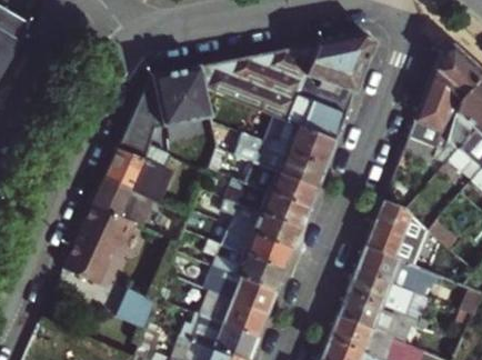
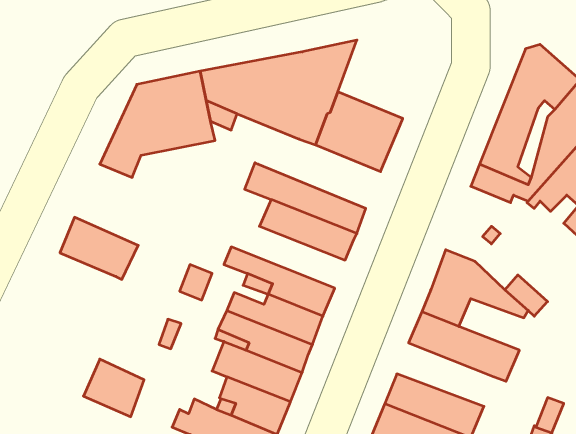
building: [302,34,373,102] -> none
building: [242,118,334,170] -> none
building: [104,137,164,198] -> none
building: [222,183,308,230] -> none
building: [63,203,135,286] -> none
building: [347,271,420,319] -> none

